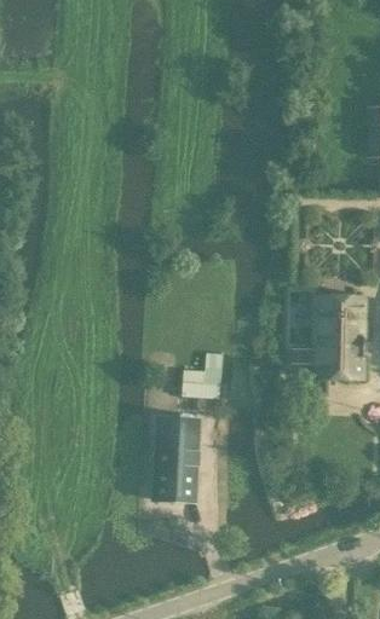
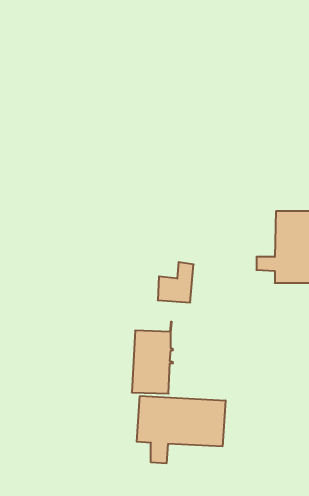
building: none -> [137,396,226,463]

